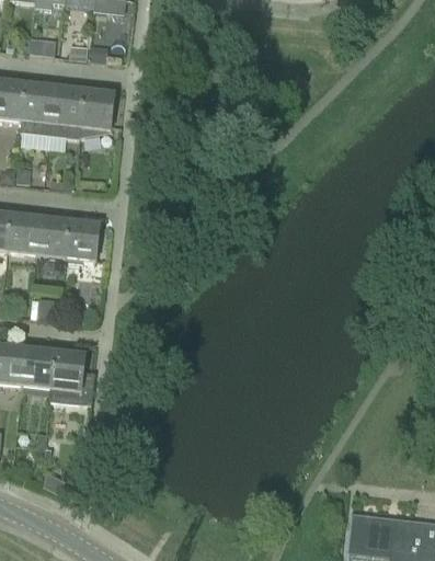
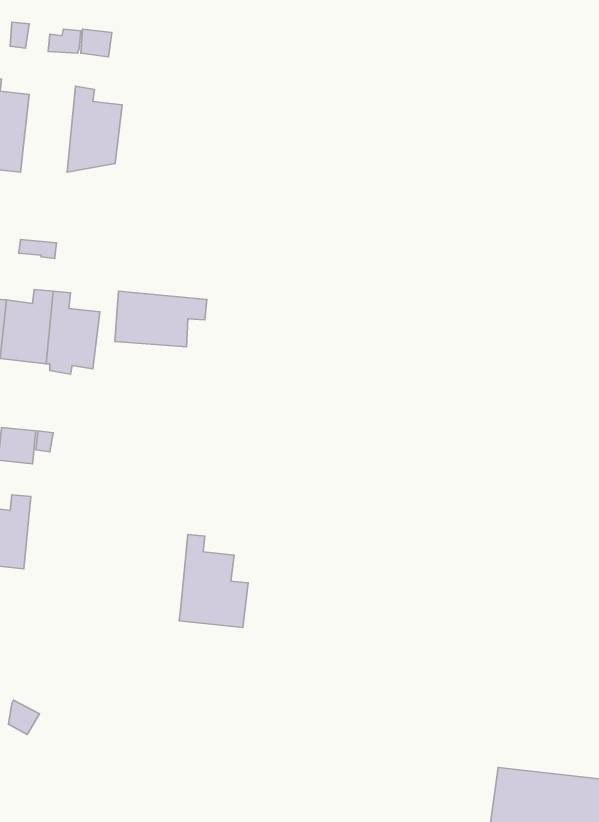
building: [49,80,84,139] -> none
building: none -> [115,291,207,347]
building: [50,342,94,401] -> [179,534,248,628]

